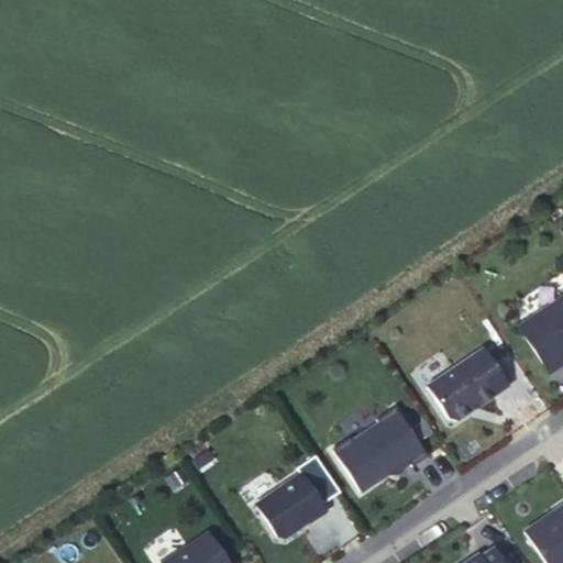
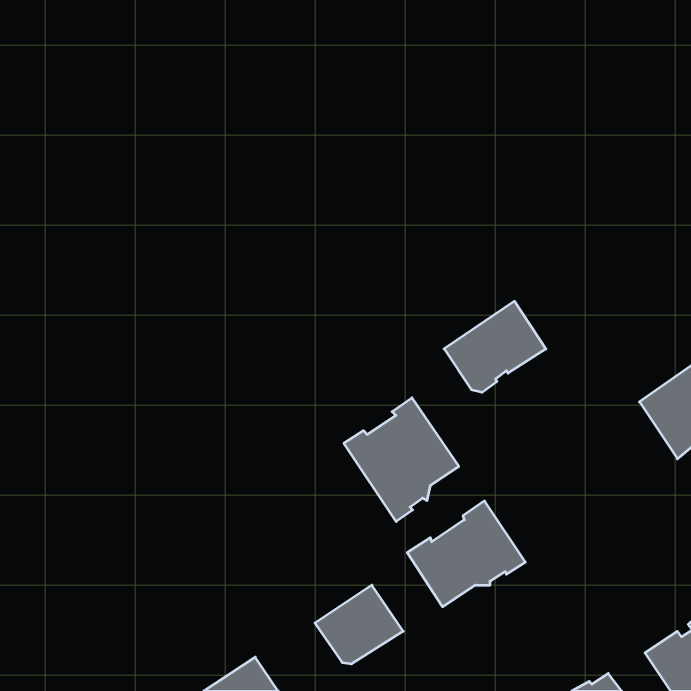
building: none -> [344,398,459,522]
building: [428,346,510,420] -> [444,301,546,392]

